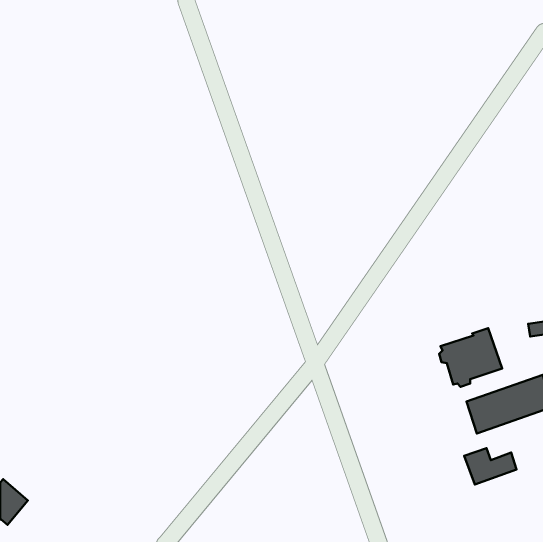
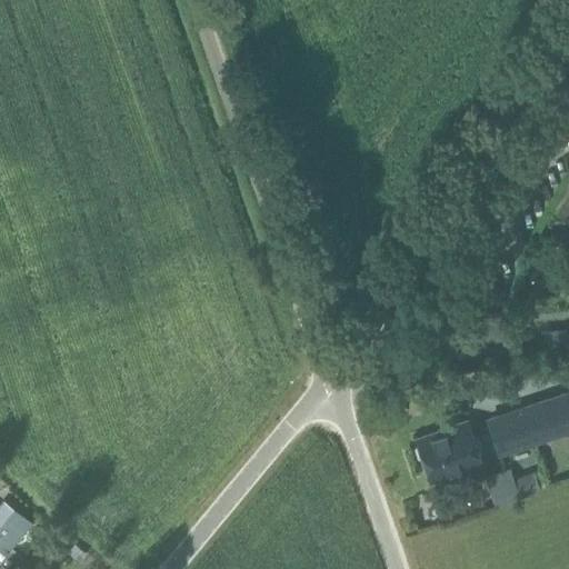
building: [439,328,502,387] -> [416,423,481,485]

